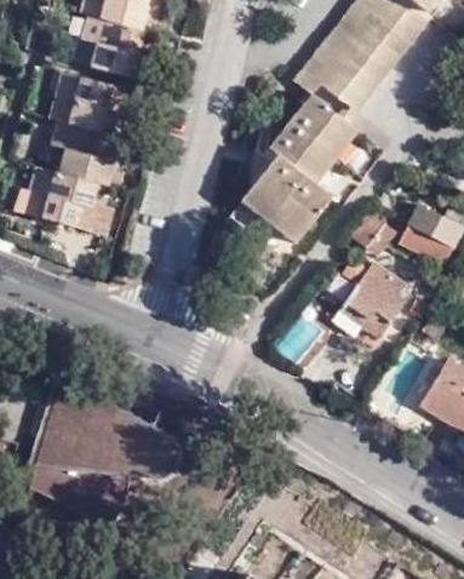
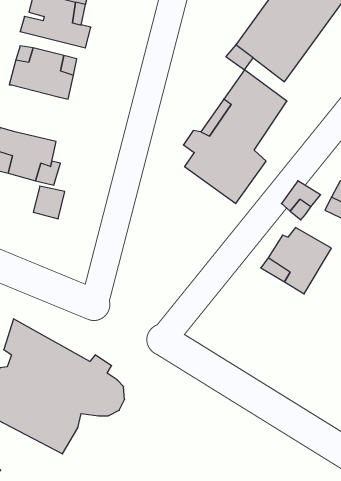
building: [48,105,120,171] -> none

